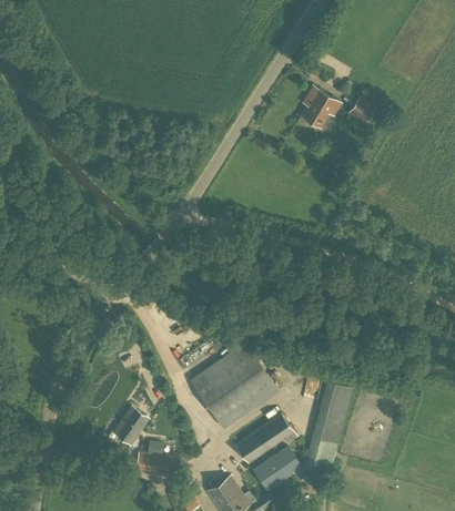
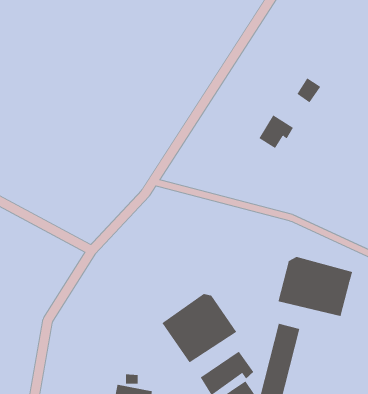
building: [300,89,341,129] -> [258,114,294,149]
building: none -> [278,256,353,317]
building: [114,408,146,443] -> none

